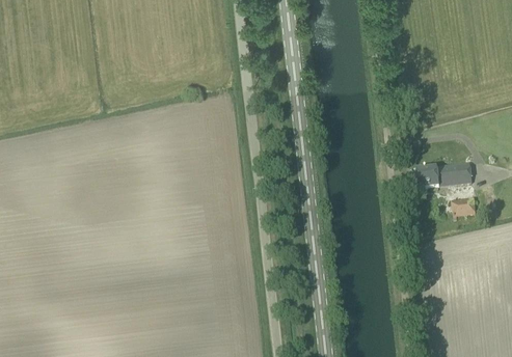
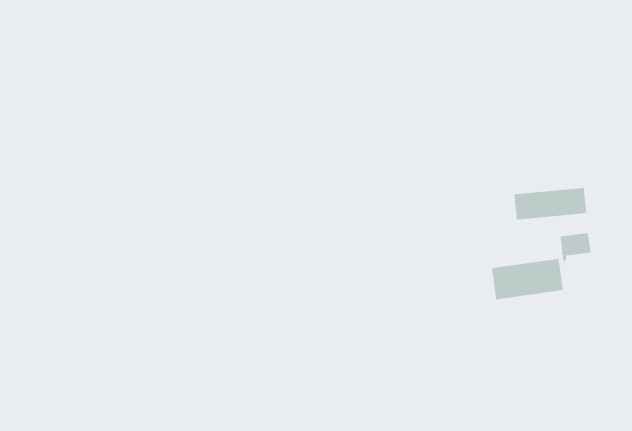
building: none -> [491,258,563,300]

